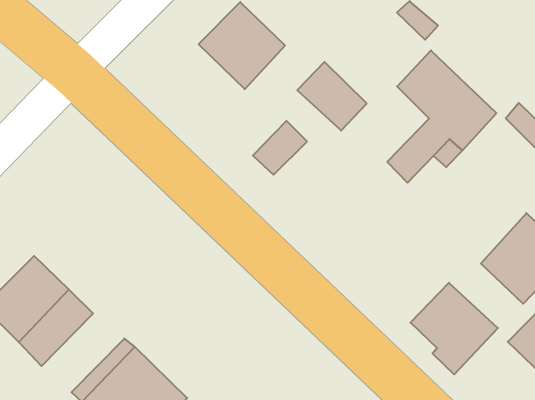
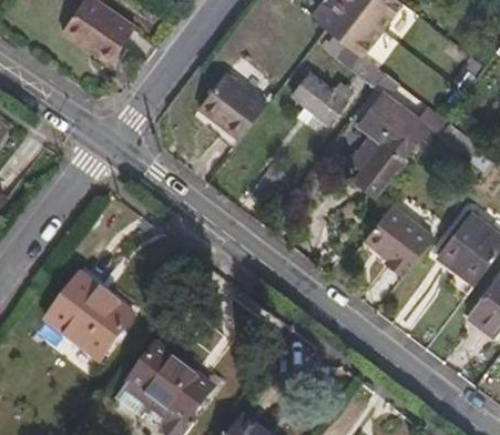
building: [297,62,367,131] -> [287,69,343,121]
building: [410,283,498,374] -> [361,204,430,275]

